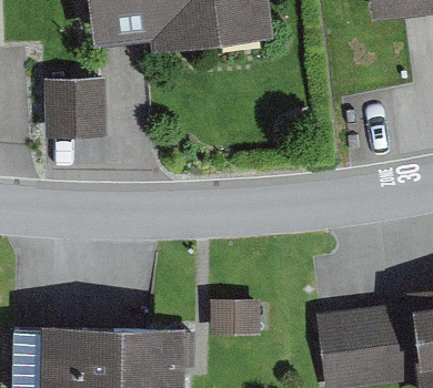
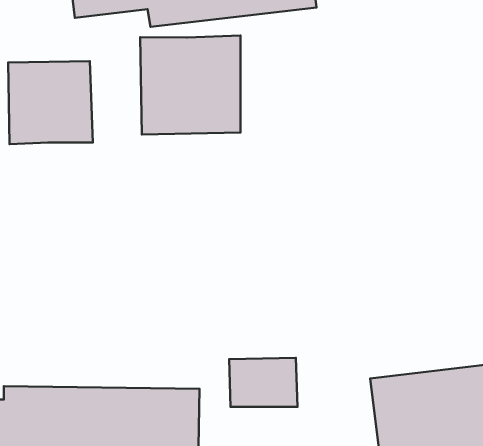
building: none -> [140,35,240,134]

